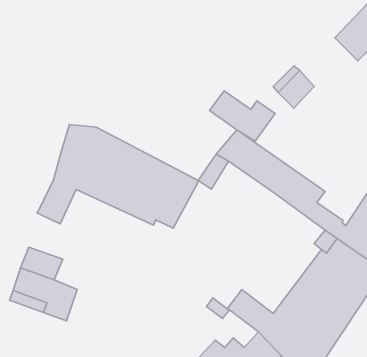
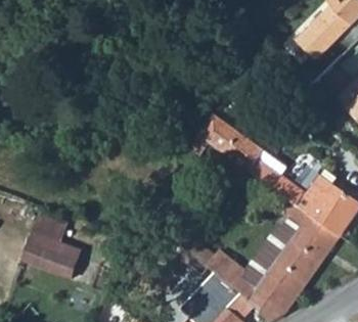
building: [209,91,275,141] -> none
building: [37,125,198,228] -> none

